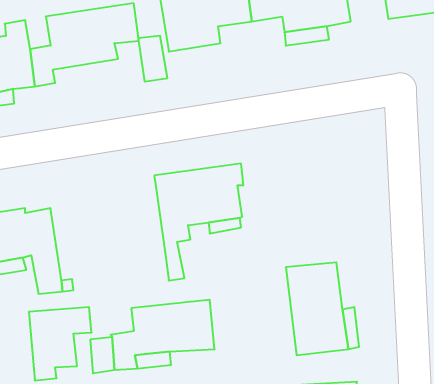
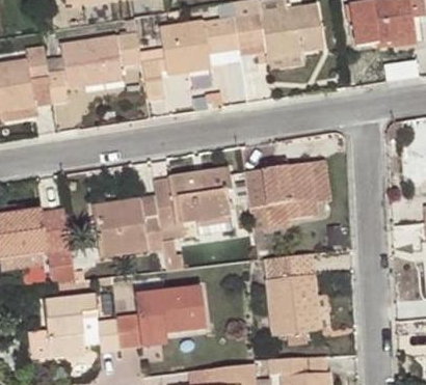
building: none -> [244,162,316,218]
building: none -> [91,193,162,255]

